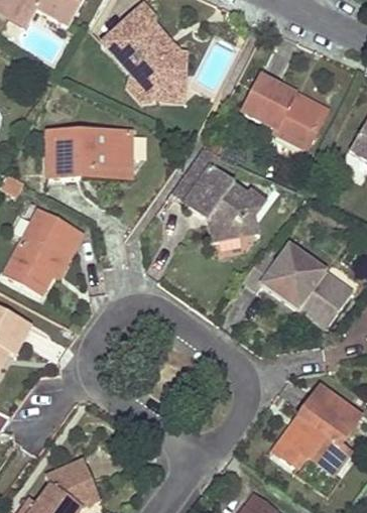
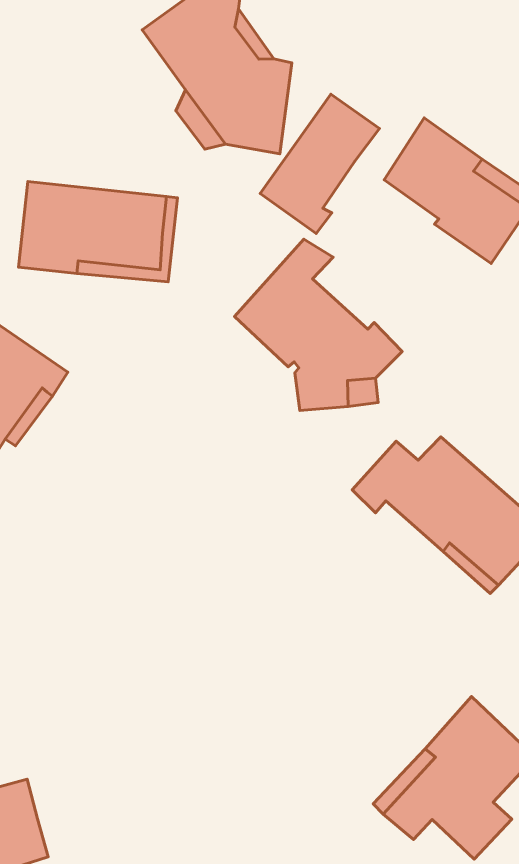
building: none -> [260,94,379,234]

